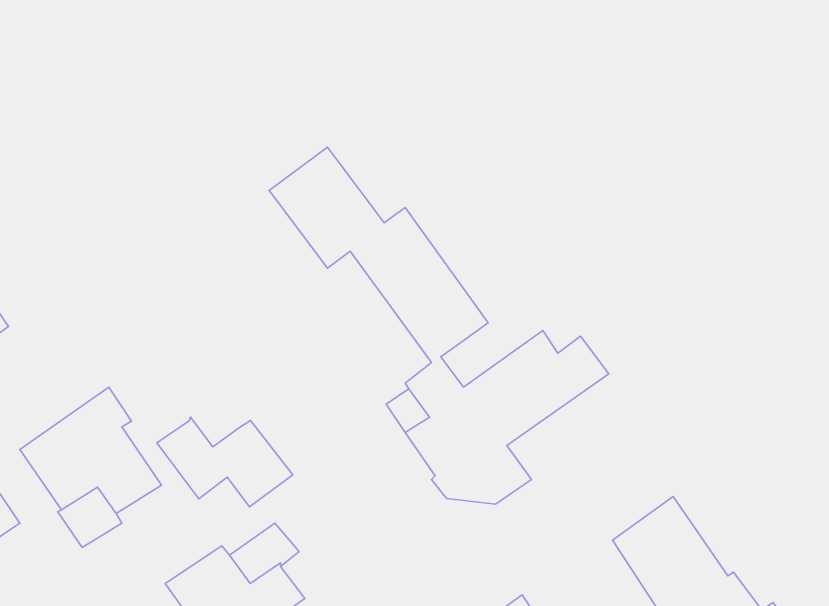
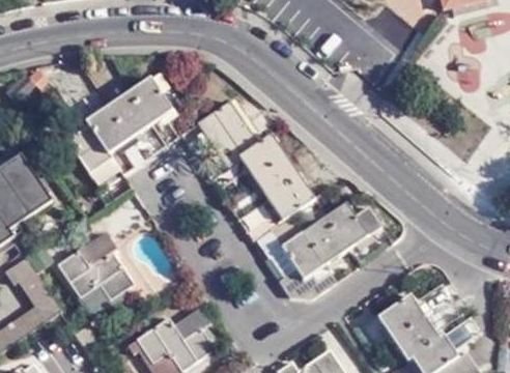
building: none -> [65,76,170,176]
building: [157,417,293,507] -> none

